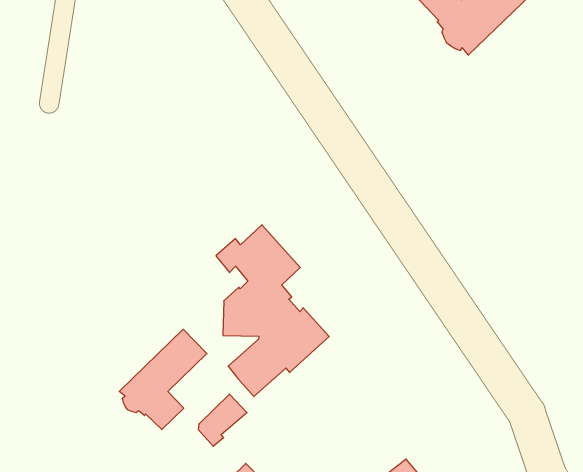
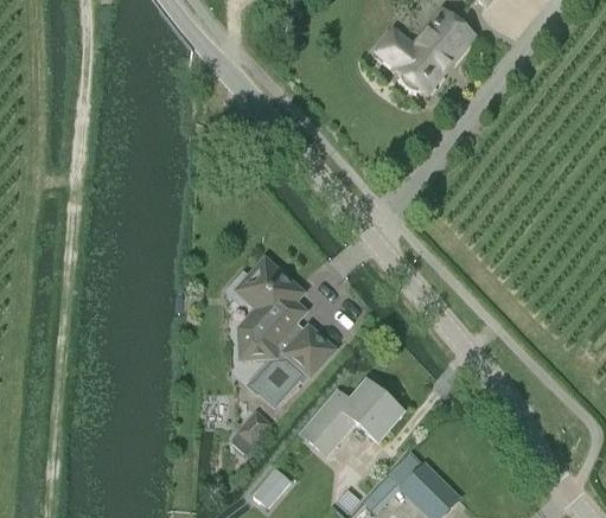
building: [119,329,207,430] -> none
building: none -> [301,383,401,454]

